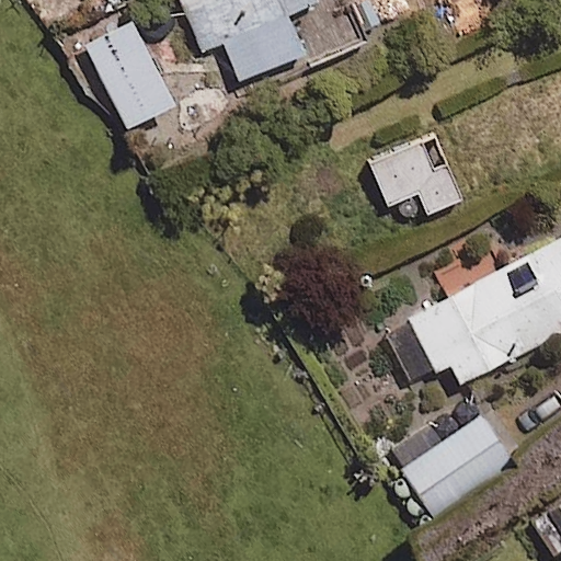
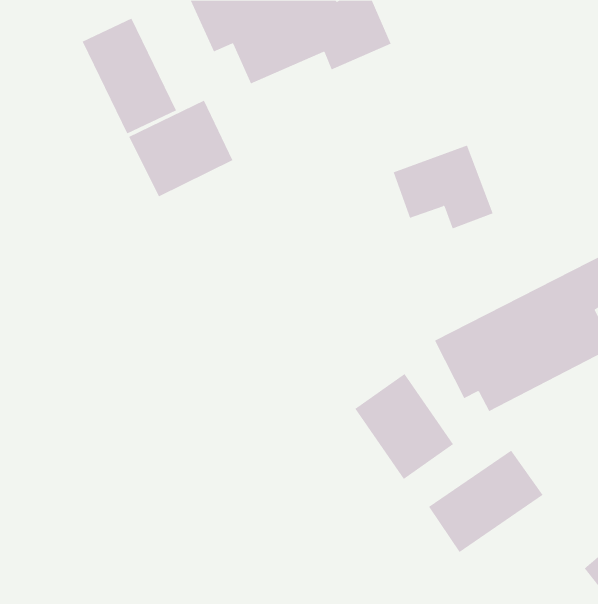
building: none -> [128,100,233,197]
building: none -> [355,373,454,480]

